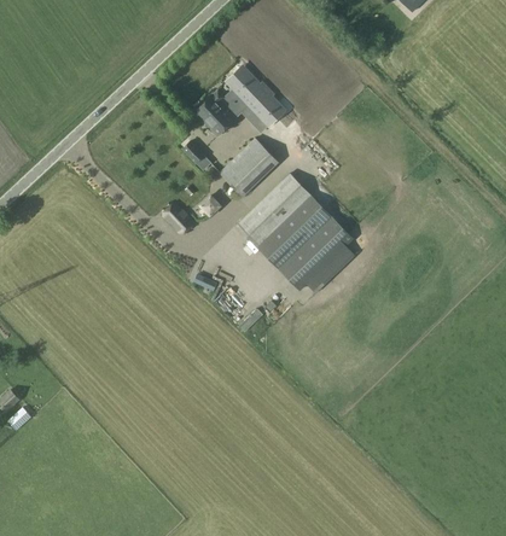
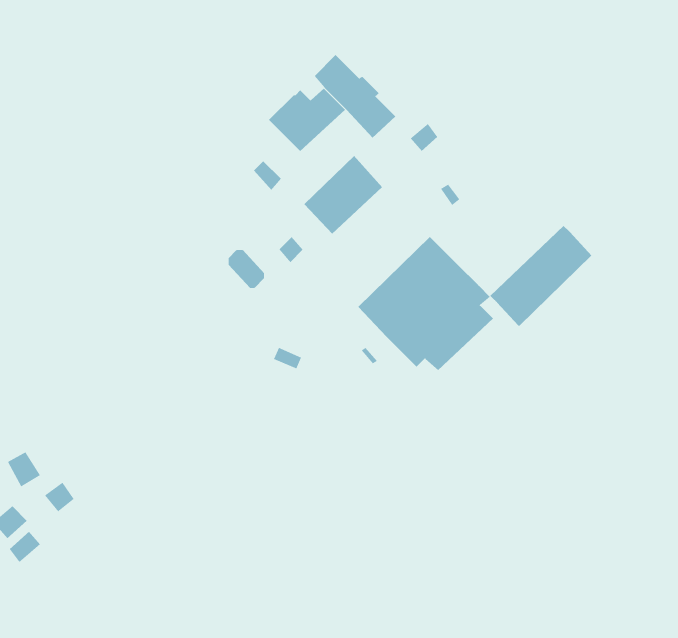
building: [237,174,310,246] -> [490,225,592,326]

